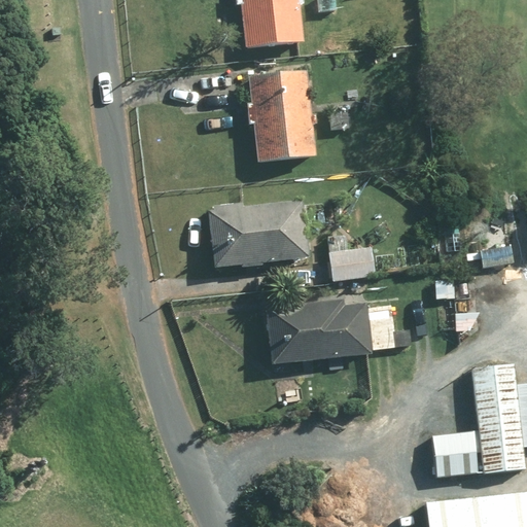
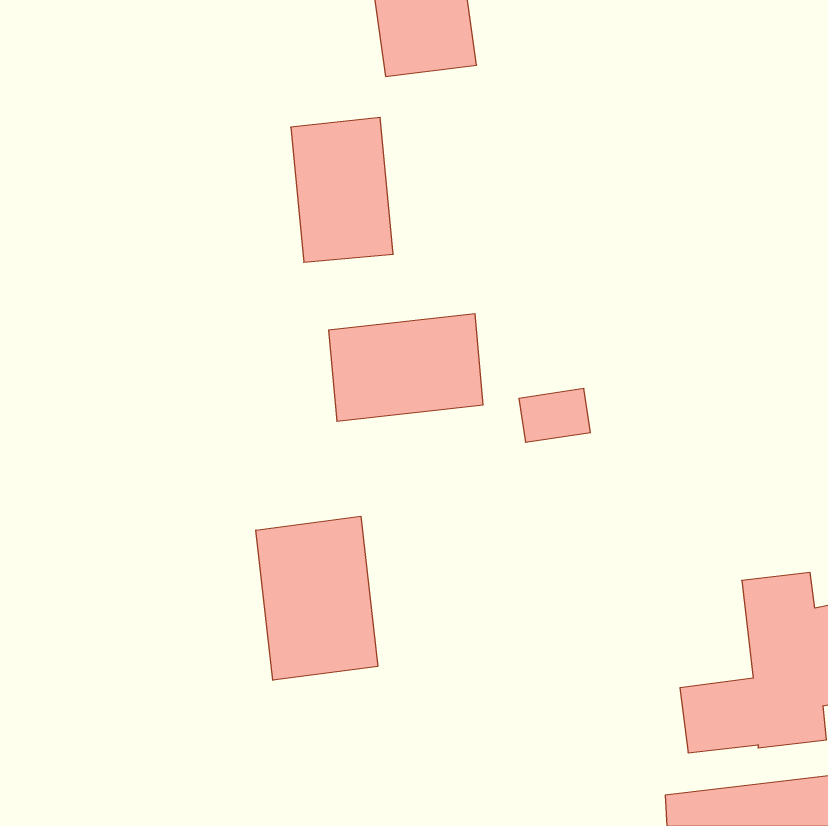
building: [249,70,314,162] -> [291,118,393,262]
building: [265,300,413,364] -> none
building: none -> [256,516,378,680]

